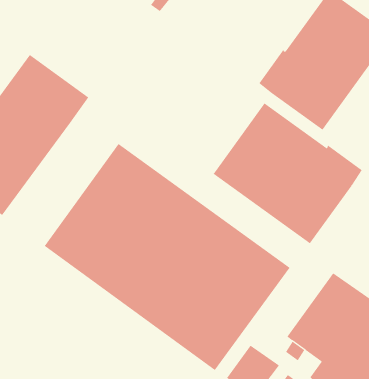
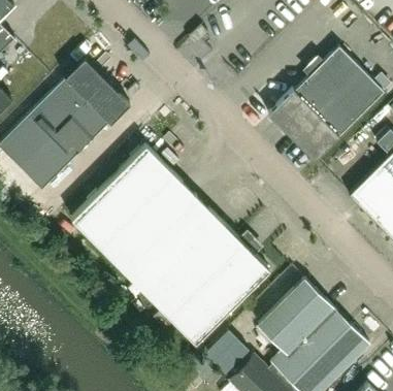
building: [213,103,363,244] -> none

